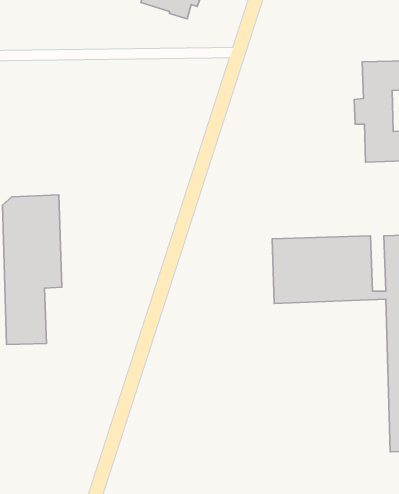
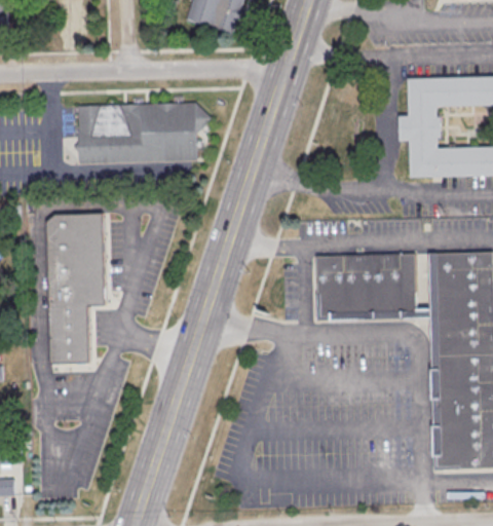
building: none -> [74,104,212,163]

